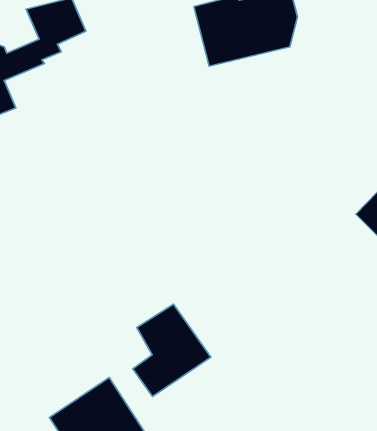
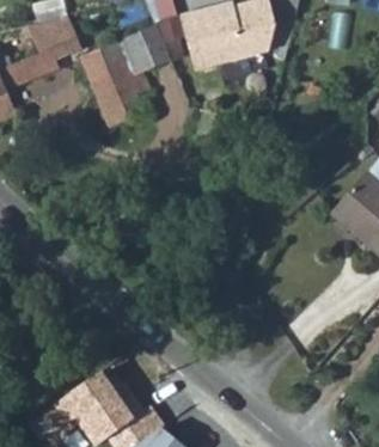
building: none -> [80,23,170,128]
building: [133,304,211,396] -> none

